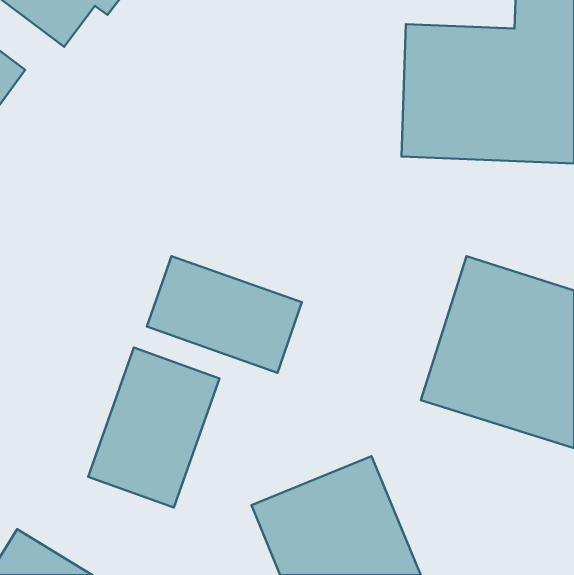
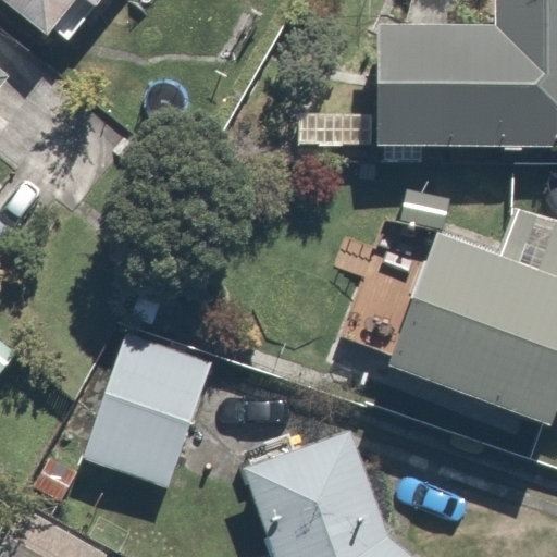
building: [147,256,302,373] -> none

